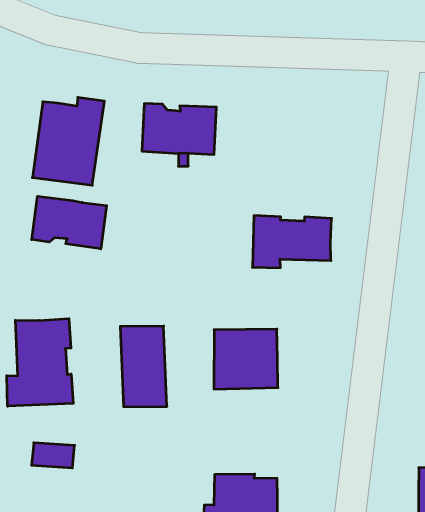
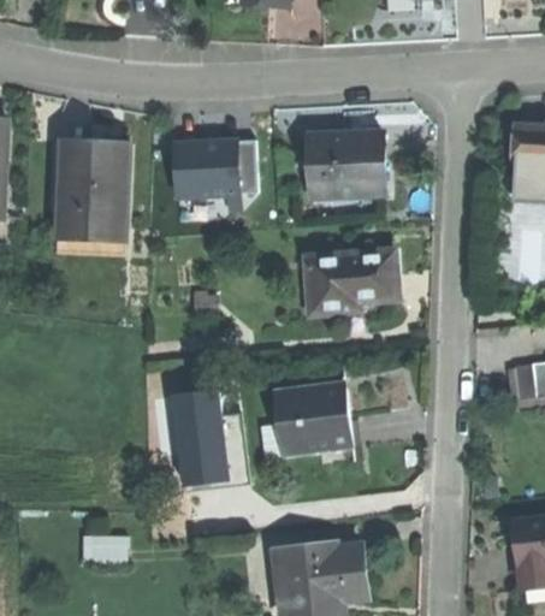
building: none -> [307,135,384,196]
building: [32,196,107,249] -> none
building: [7,319,73,406] -> none

